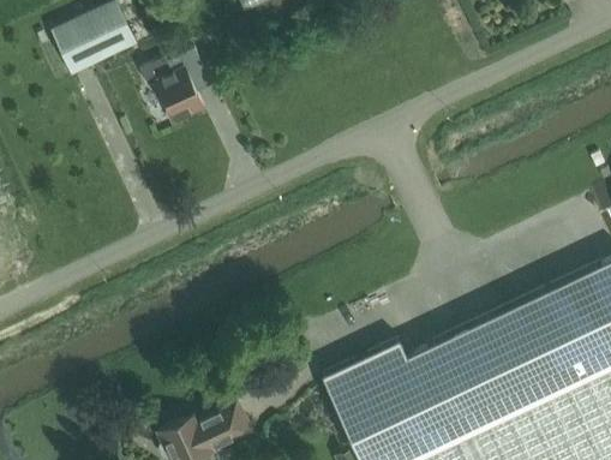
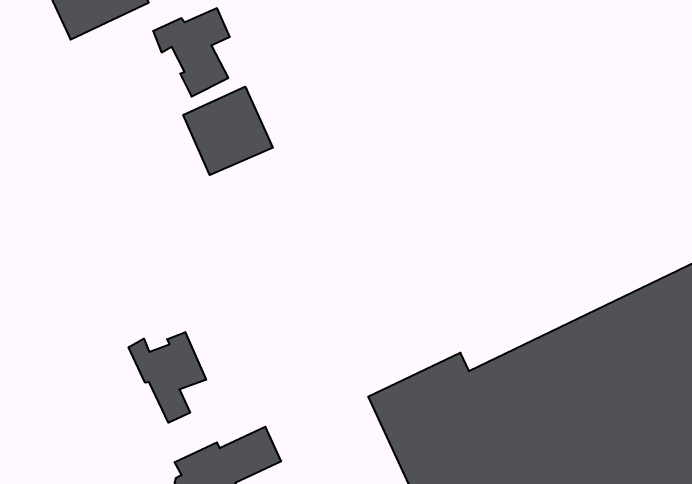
building: none -> [183,87,273,175]
building: none -> [129,332,206,423]

